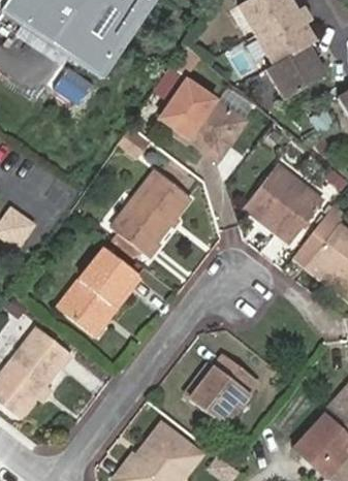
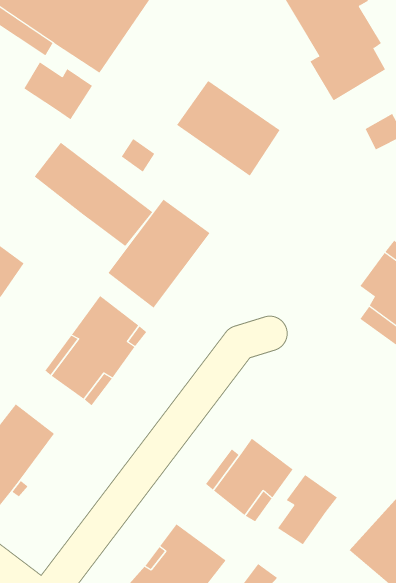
building: none -> [23,62,93,120]
building: none -> [34,142,153,247]
building: [245,163,323,241] -> none
building: none -> [277,474,338,545]

